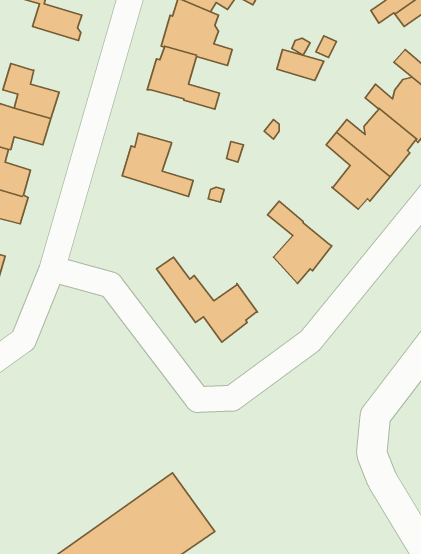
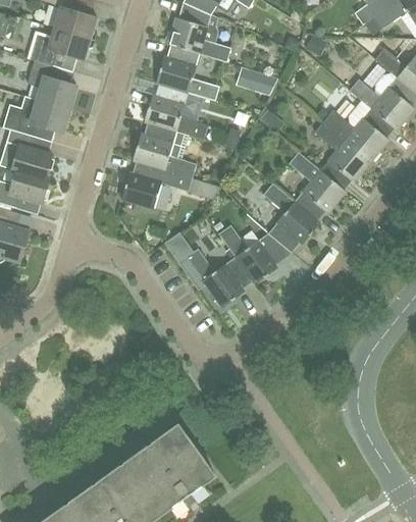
building: none -> [29,28,94,66]
building: [277,50,324,81] -> [237,66,278,94]
building: none -> [144,84,207,140]
building: none -> [289,152,346,221]
building: none -> [121,161,192,209]
building: none -> [218,224,289,284]

